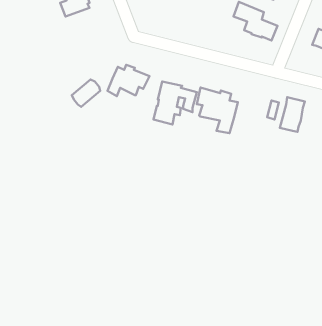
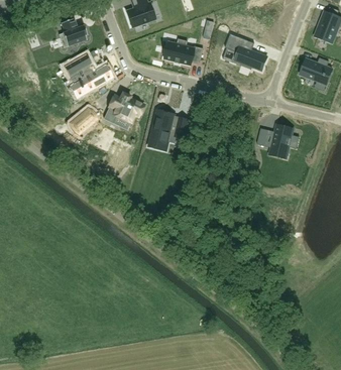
building: none -> [164,39,204,66]
building: none -> [64,53,112,98]
building: [197,87,238,133] -> none

